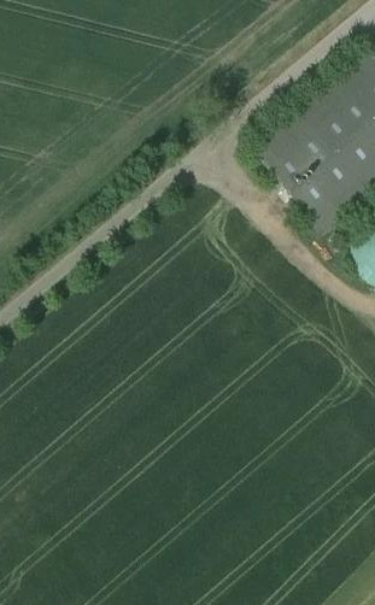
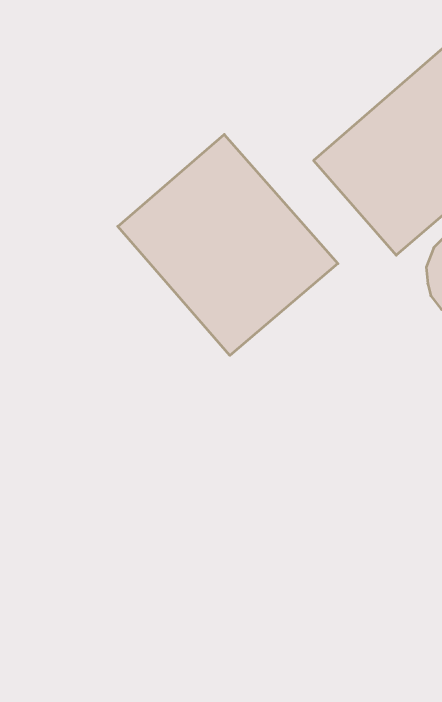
building: none -> [118,134,338,355]

